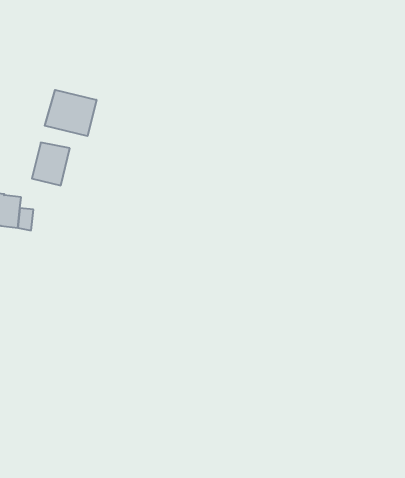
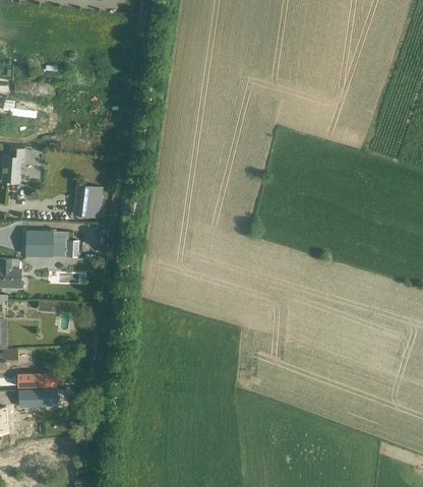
building: [45,90,96,136] -> none

